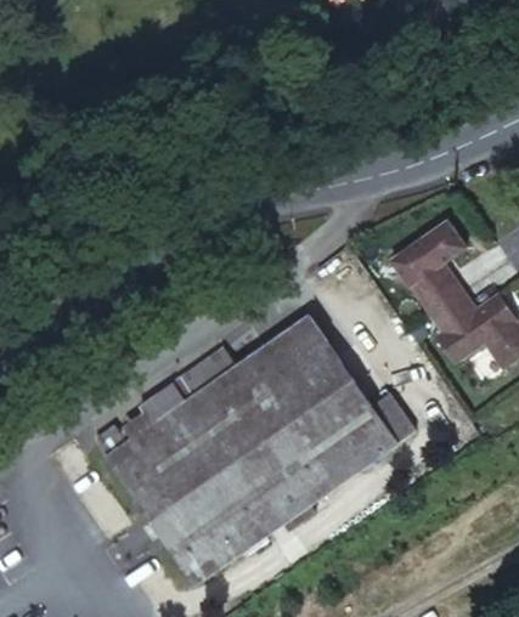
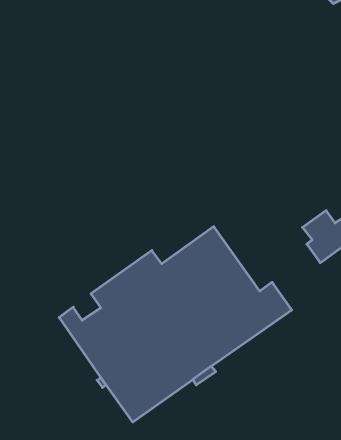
building: [391,222,466,316] -> none

